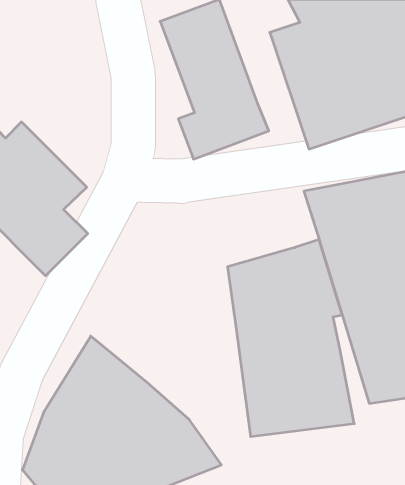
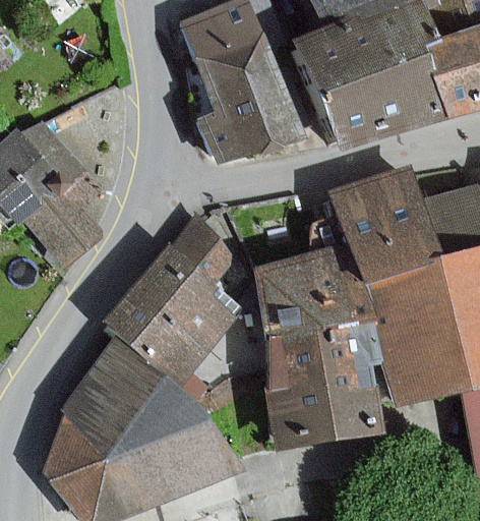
building: none -> [103,219,249,388]

